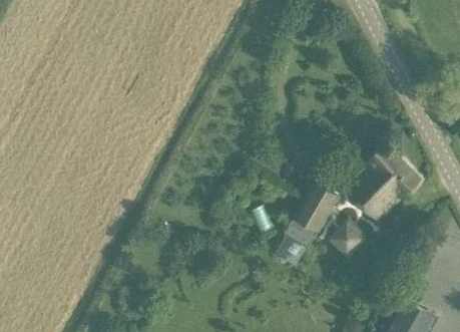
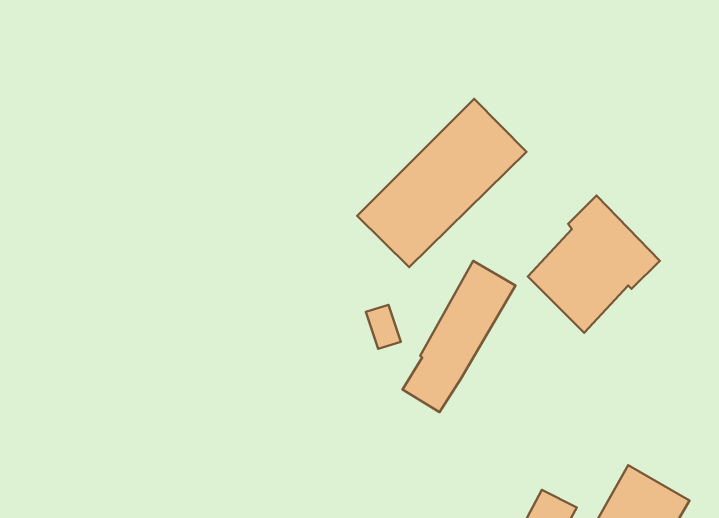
building: none -> [357,99,526,267]
building: [330,217,369,257] -> none

